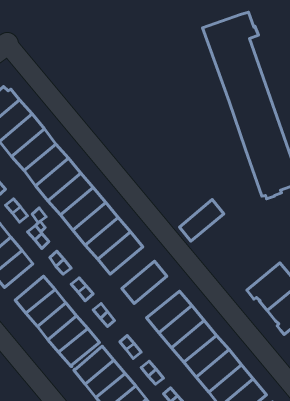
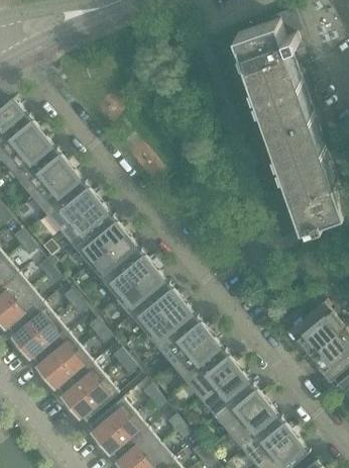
building: [179,200,224,241] -> [131,284,182,332]
building: none -> [11,303,55,345]
building: none -> [158,317,210,365]

